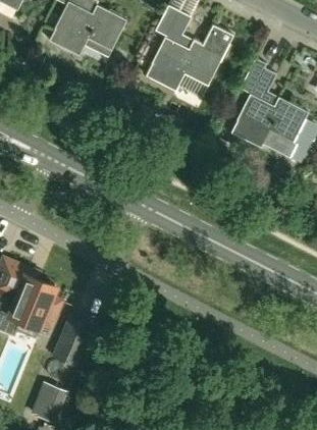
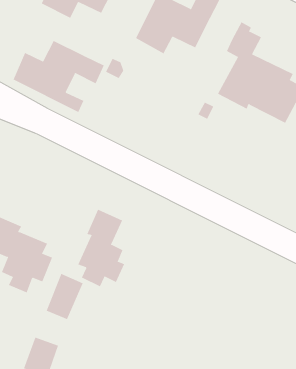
building: none -> [13,40,104,113]
building: none -> [78,209,125,287]

